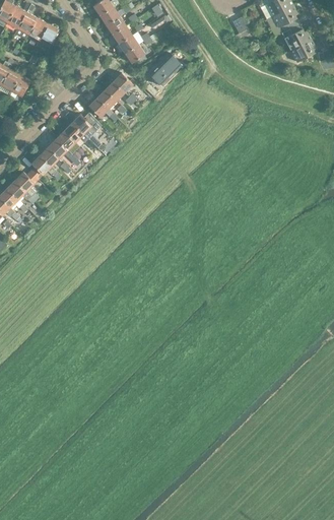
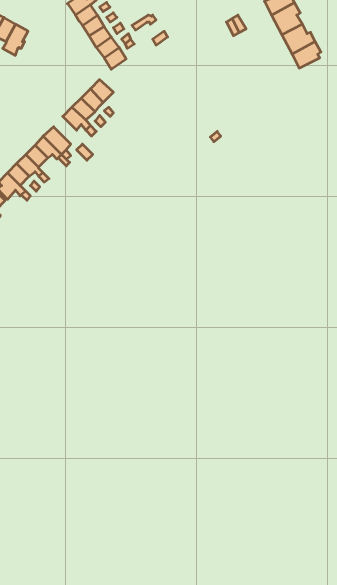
building: [149,53,182,85] -> none

